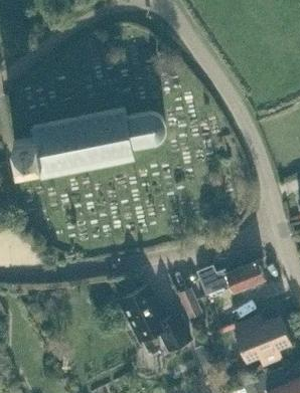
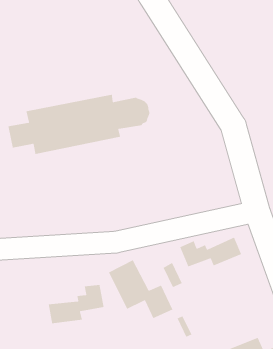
building: none -> [48,284,105,324]
building: [235,315,291,367] -> none

